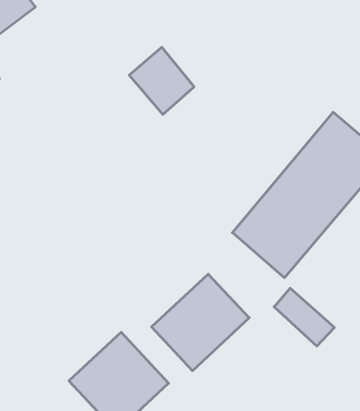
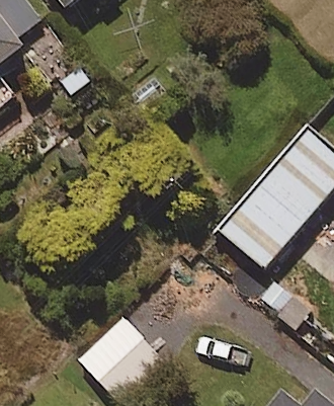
building: [152,274,249,371] -> none

